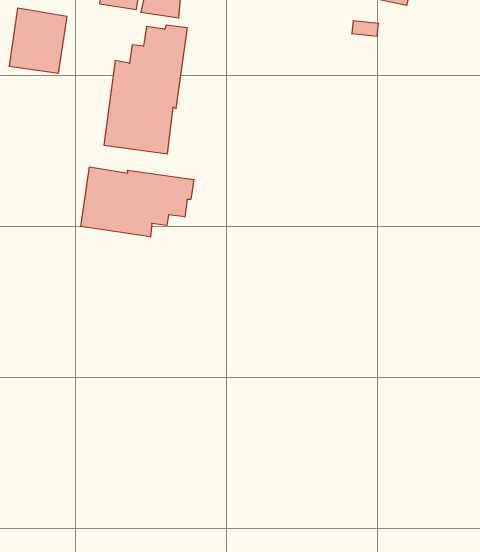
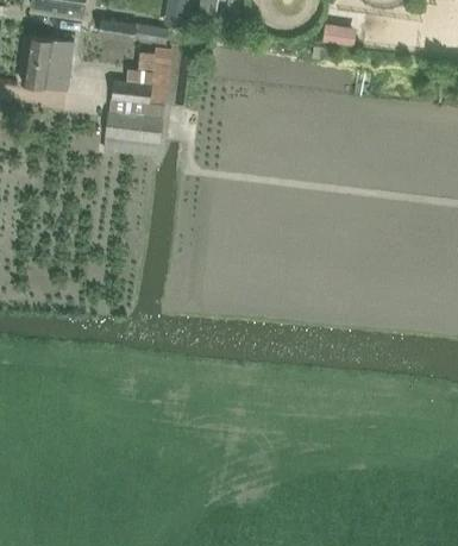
building: [81,167,194,237] -> none

